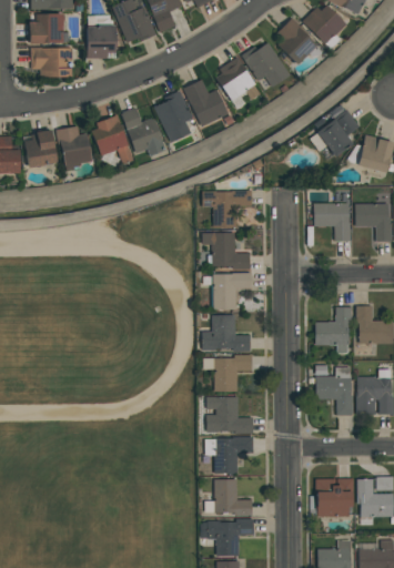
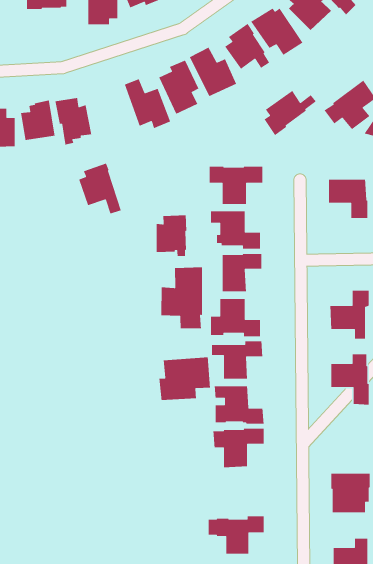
building: [31,48,73,78] -> none
building: [92,115,133,164] -> [78,162,122,214]
building: none -> [263,90,317,136]
building: none -> [156,215,187,257]
building: none -> [161,267,203,329]
building: none -> [159,357,211,401]
building: [205,479,253,516] -> none

